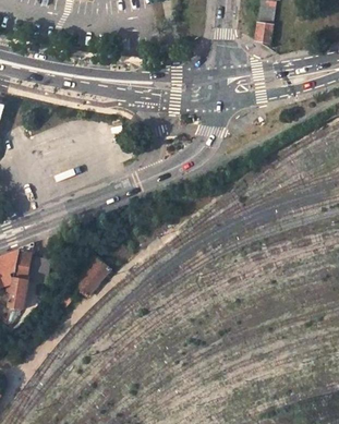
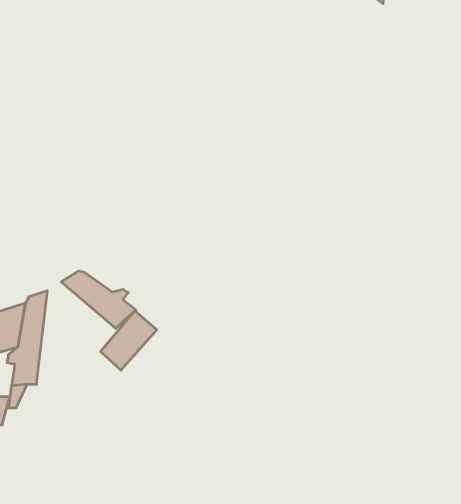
building: none -> [61,271,136,328]

